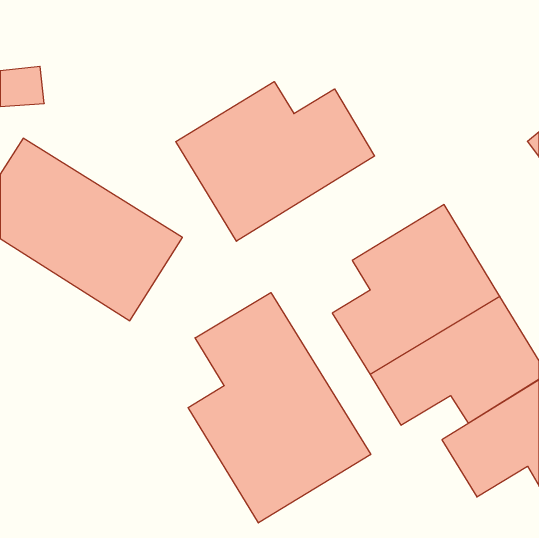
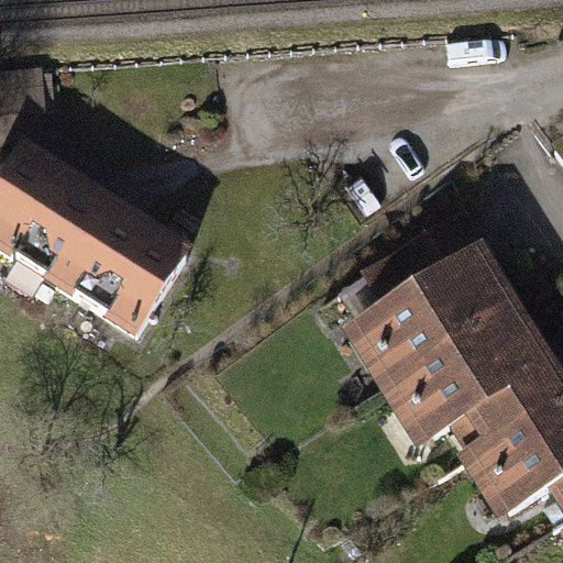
building: [176,82,375,241] -> none
building: [188,293,371,523] -> none

